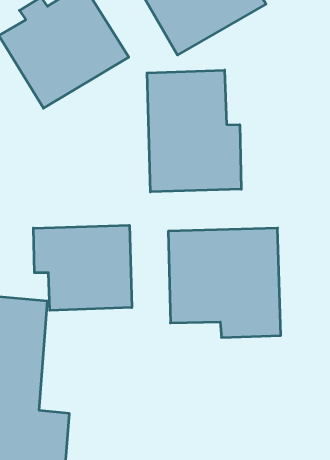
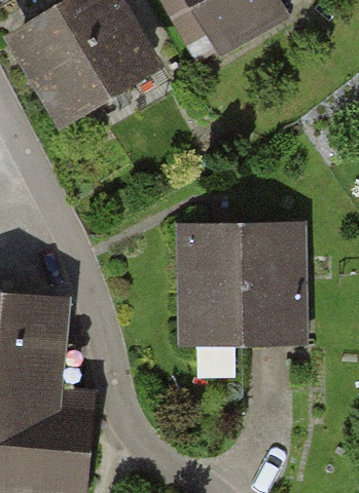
building: [147,70,241,192] -> none
building: [33,225,132,310] -> none

